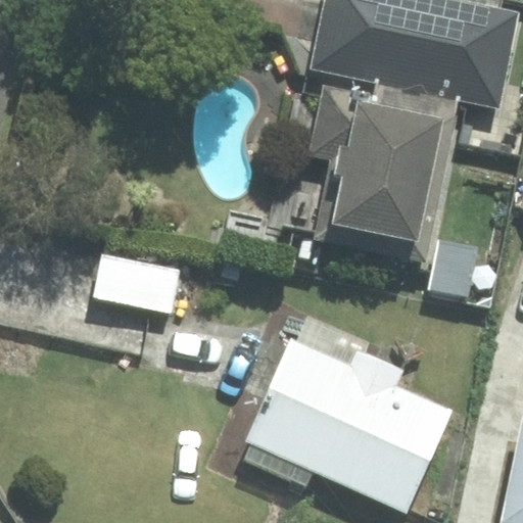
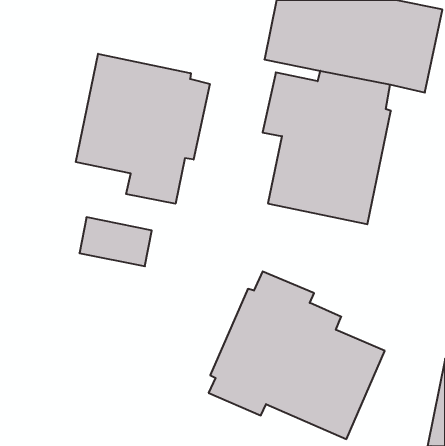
building: none -> [76,54,210,204]

